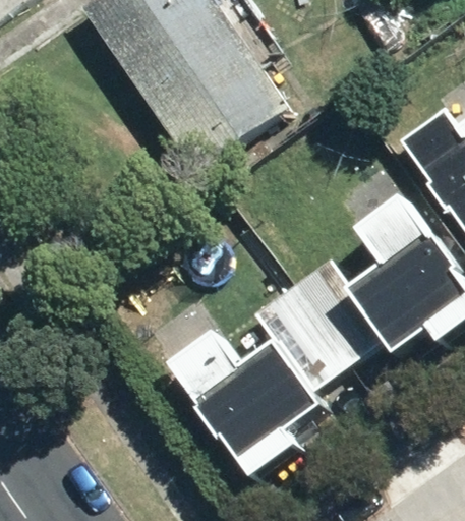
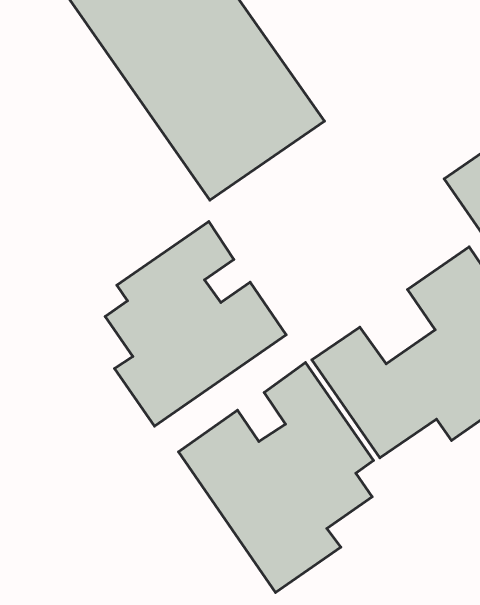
building: none -> [105,222,286,426]

